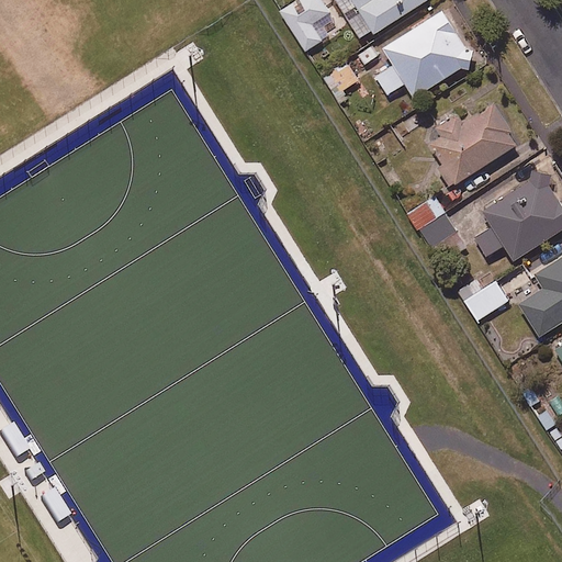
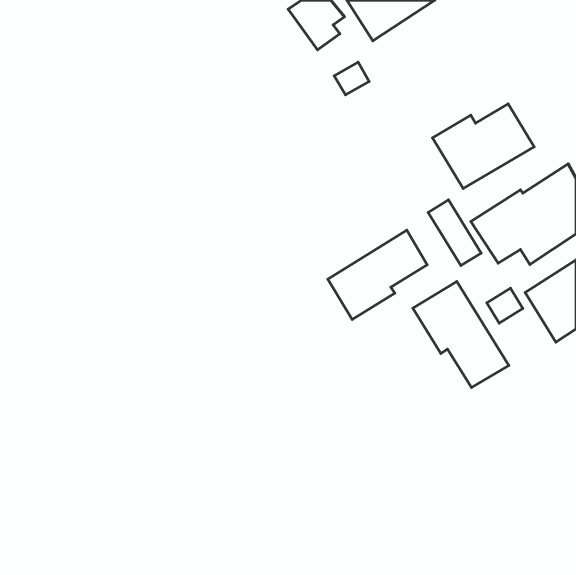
building: [374,10,474,97] -> none
building: none -> [328,230,427,320]
building: none -> [413,282,509,388]

